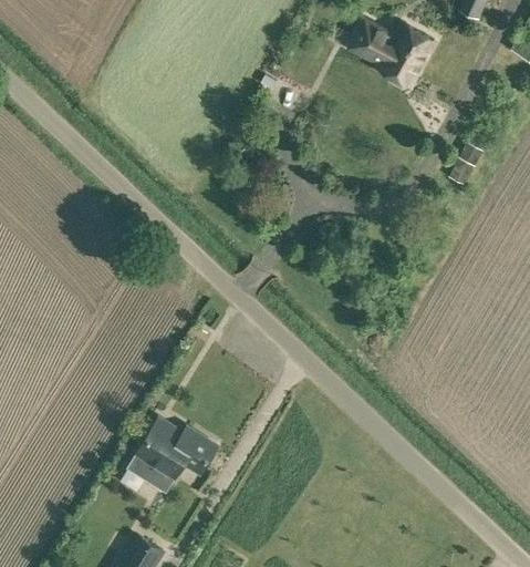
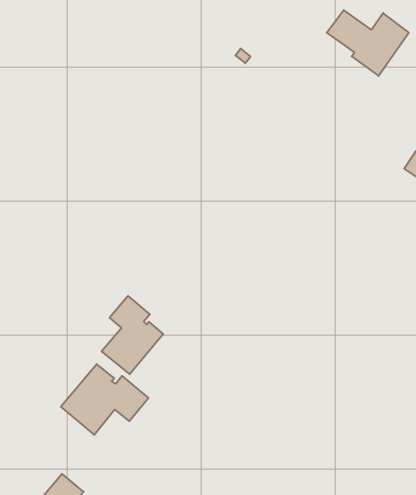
building: none -> [102,296,163,374]

